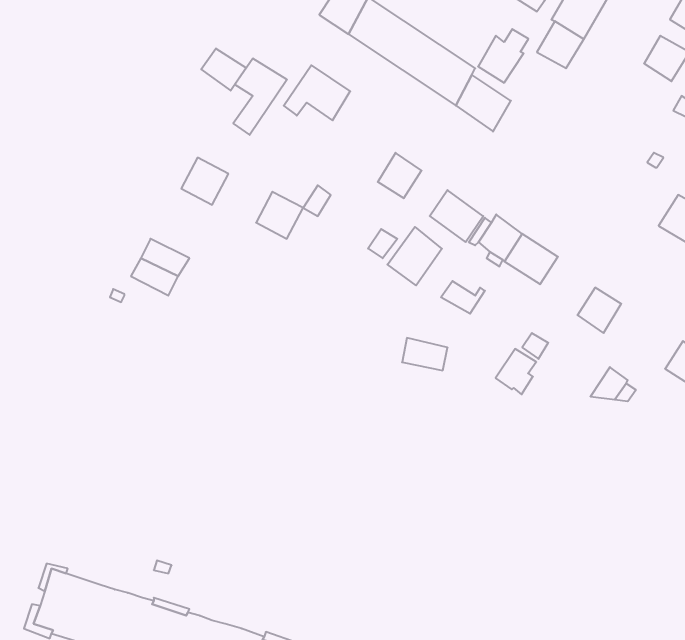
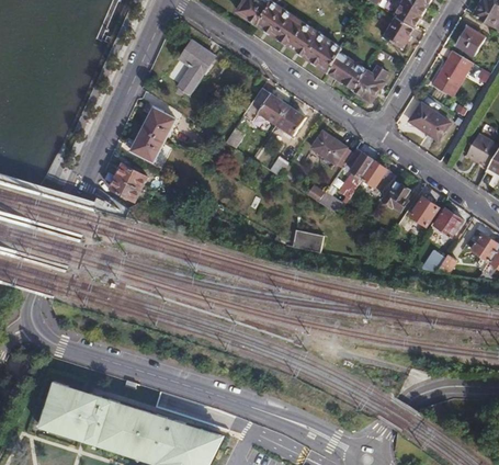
building: [478,29,528,83] -> [353,65,387,101]
building: [201,48,246,91] -> none
building: [284,65,350,120] -> [242,87,287,124]
building: none -> [431,49,473,97]
building: none -> [409,102,450,139]
building: [256,192,303,239] -> [132,128,163,160]
building: [387,227,442,285] -> none
building: none -> [432,206,464,237]
building: [496,349,536,394] -> [383,180,410,211]

